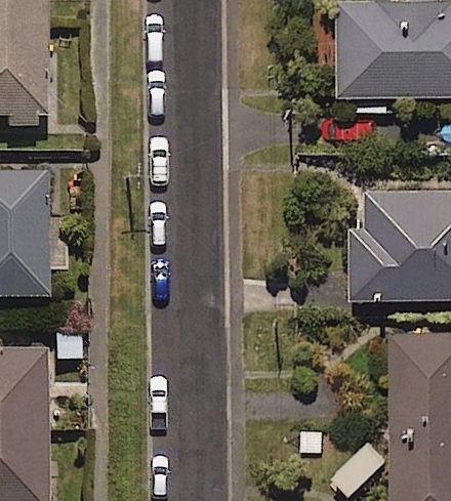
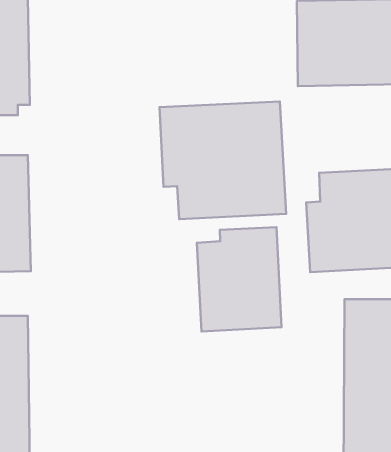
building: none -> [160,101,286,219]
building: none -> [197,227,281,332]

